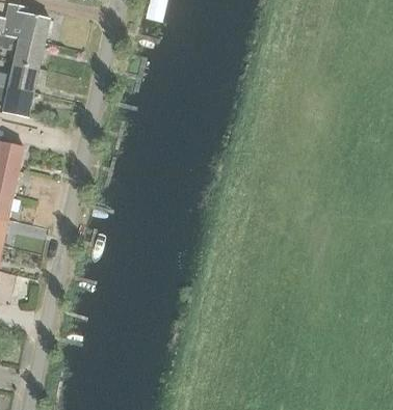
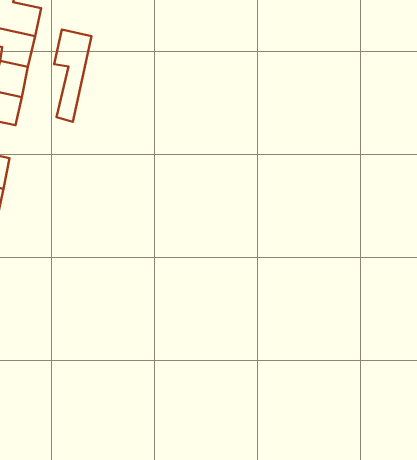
building: none -> [54,30,92,122]

